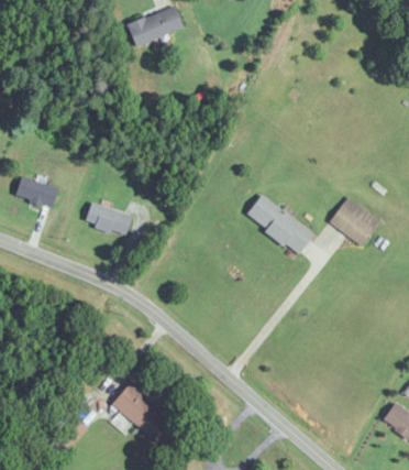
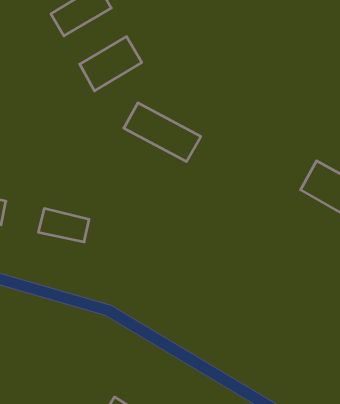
building: none -> [80,37,142,91]
building: [244,193,313,253] -> [124,103,201,161]

